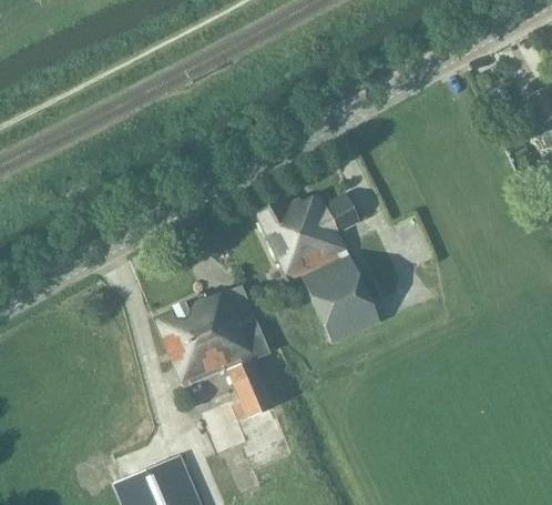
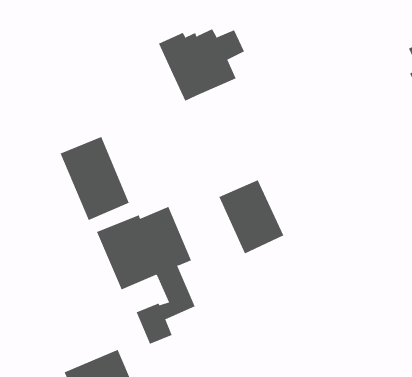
building: [256,195,360,283] -> [158,29,245,101]
building: none -> [60,136,129,221]

